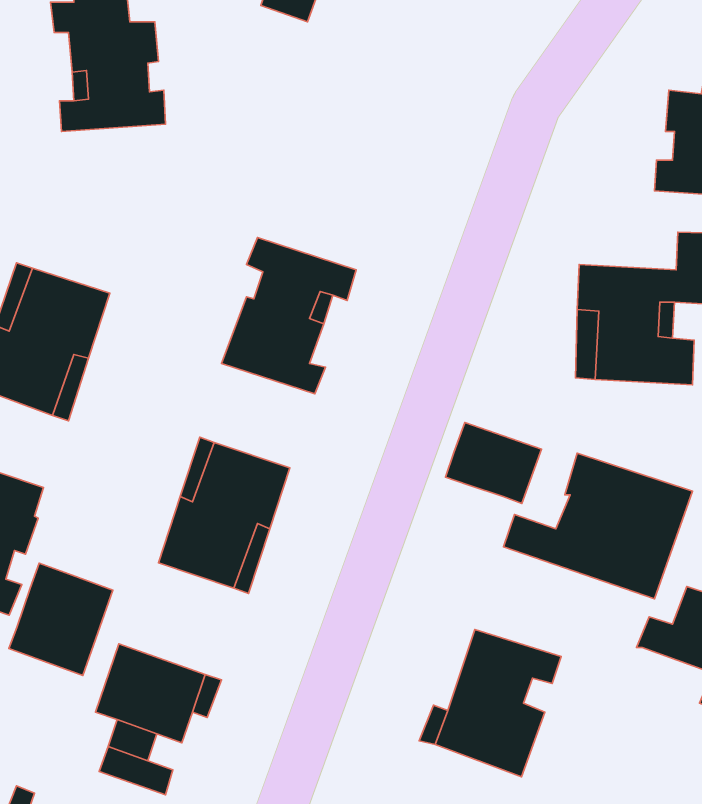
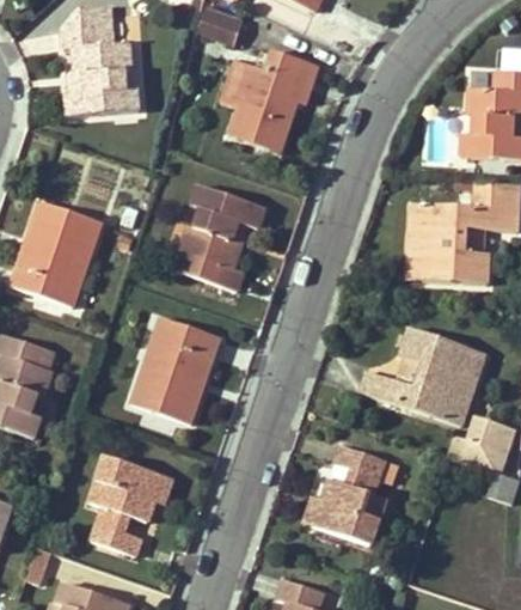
building: none -> [221,49,314,150]
building: [445,423,541,503] -> none
building: [9,563,113,675] -> none

